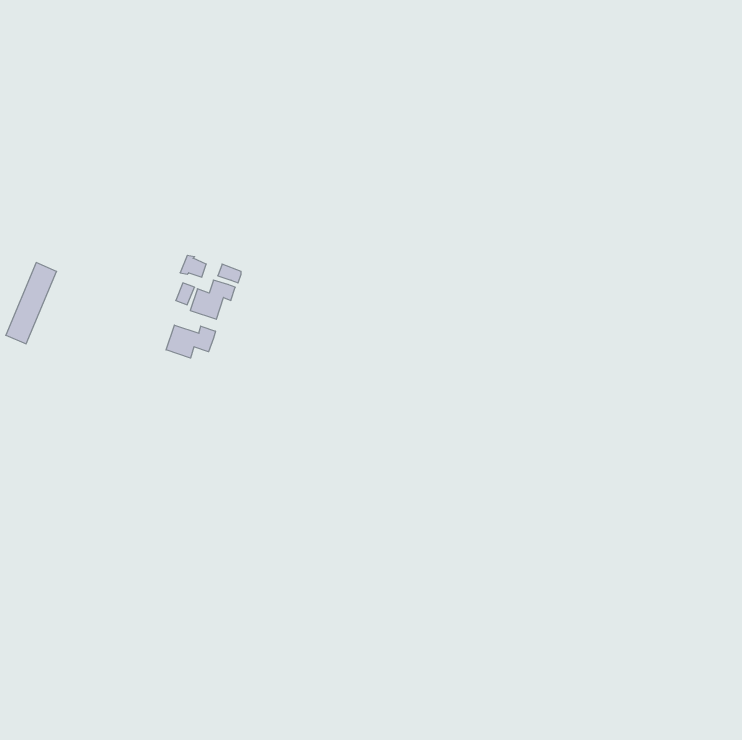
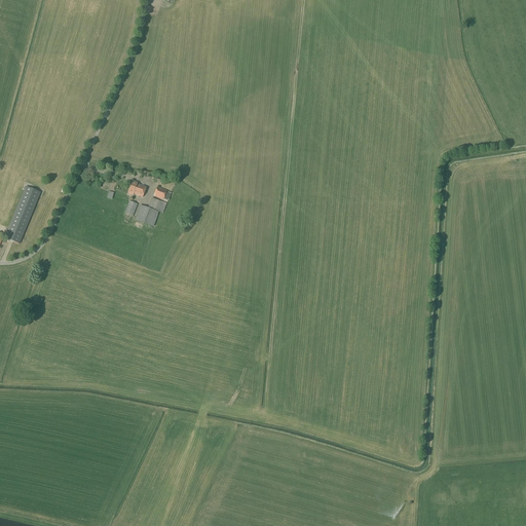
building: [166,325,215,358] -> none

